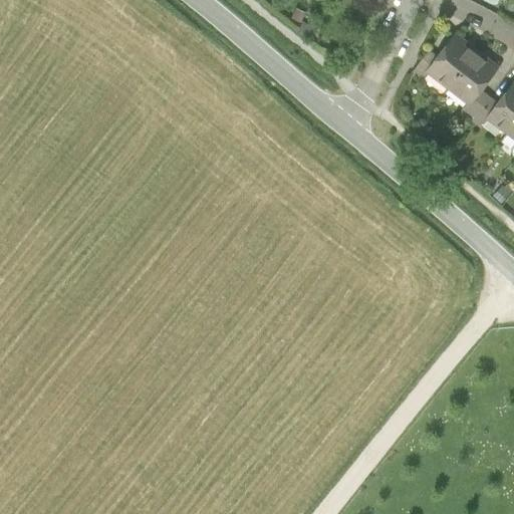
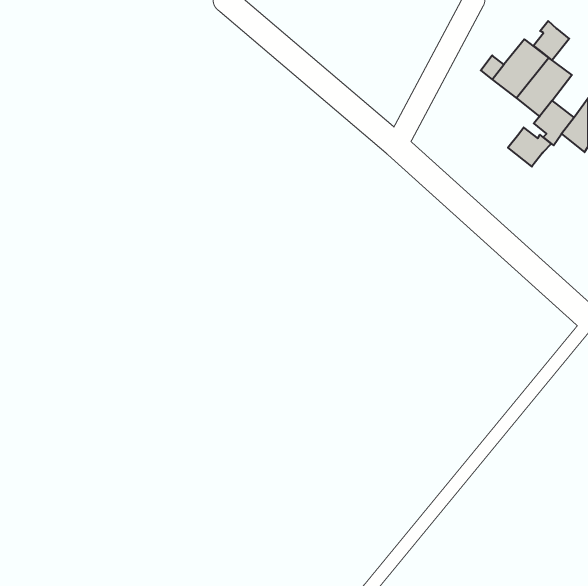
building: none -> [534,21,569,60]
building: none -> [508,127,551,167]

